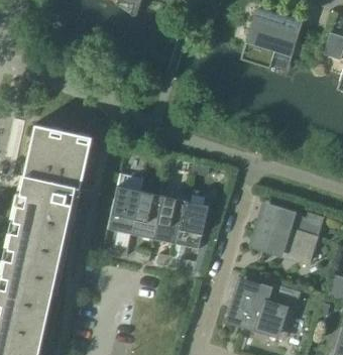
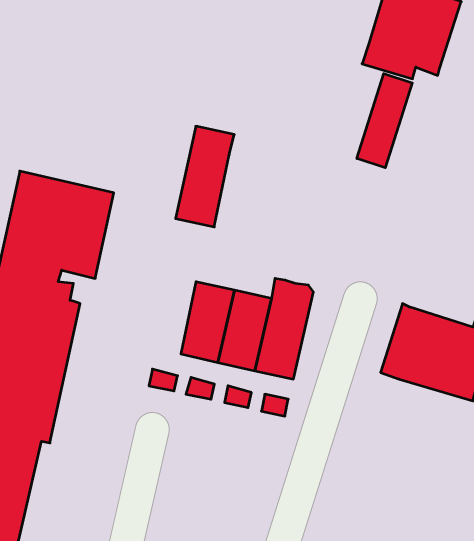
building: none -> [357,74,412,168]
building: [109,173,144,234] -> [176,126,234,227]
building: [228,279,302,338] -> none

